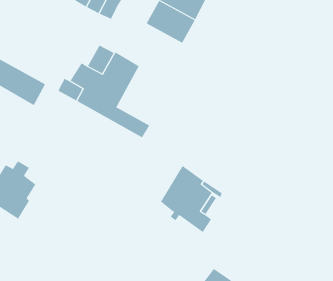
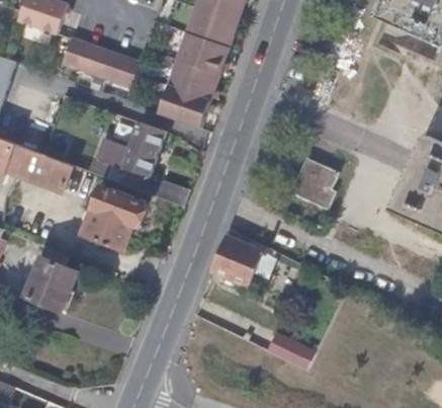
building: none -> [158,86,208,128]
building: none -> [84,185,146,249]
building: none -> [287,164,335,209]

